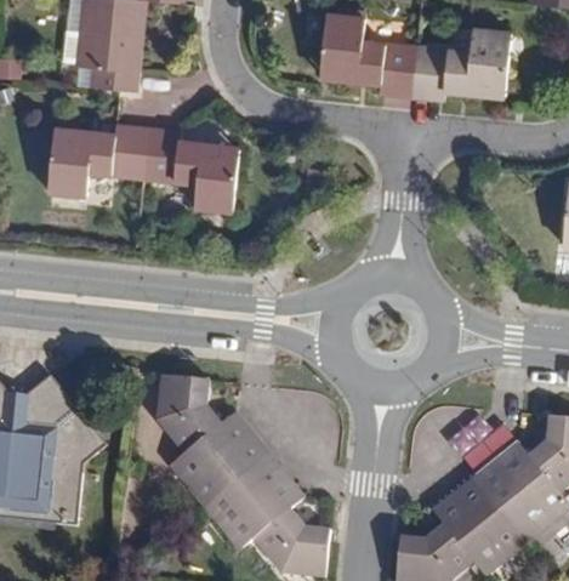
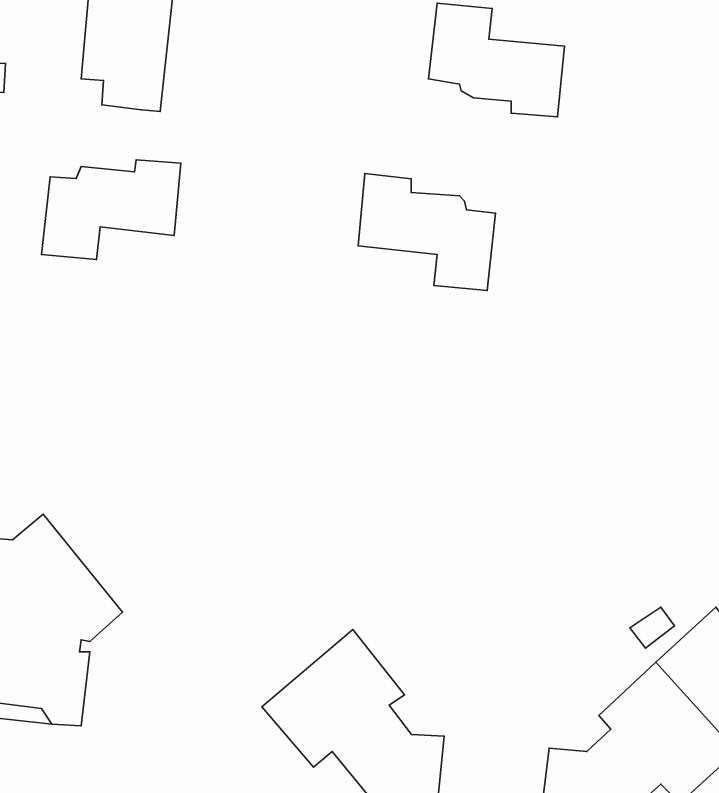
building: [410,28,510,97] -> none
building: [140,126,237,209] -> [358,174,496,291]
building: [153,375,266,509] -> none

